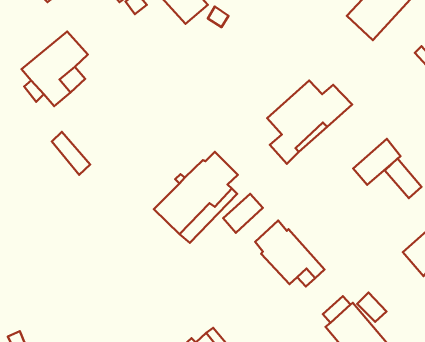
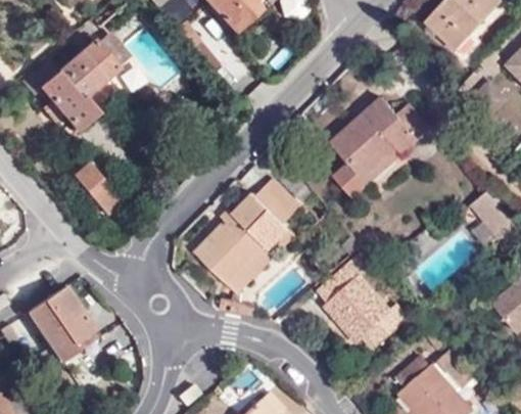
building: [353,139,401,185] -> none
building: [223,194,263,233] -> none
building: none -> [27,286,93,361]

